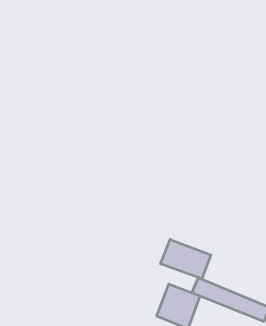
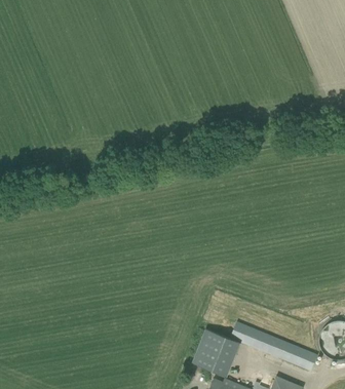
building: [161,239,211,279] -> none

